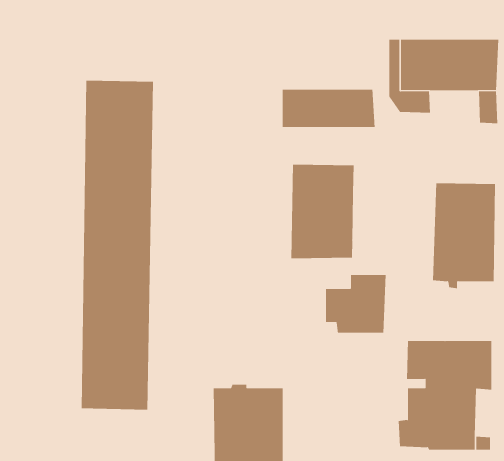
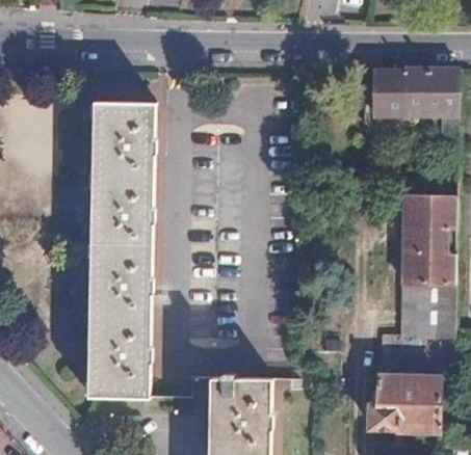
building: [282,89,375,128] -> none
building: [291,164,354,259] -> none
building: [325,274,387,333] -> [401,283,455,334]

